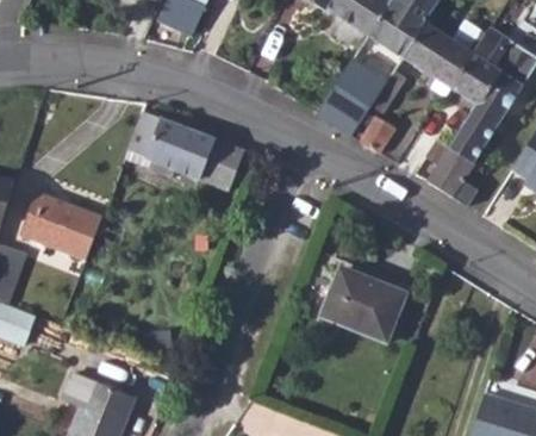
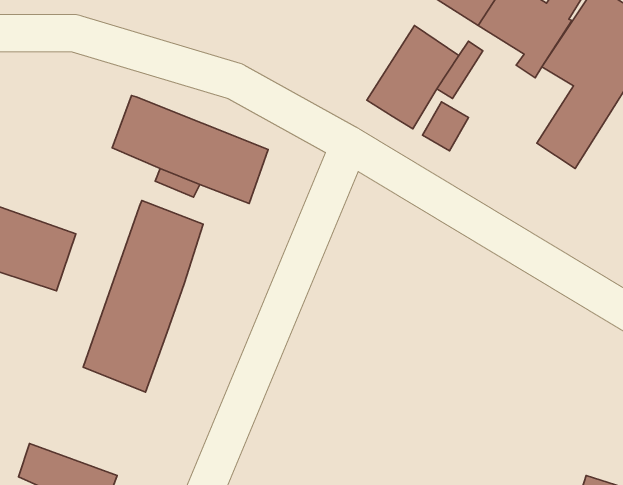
building: [422,137,475,206] -> none
building: none -> [83,201,203,392]
building: [318,263,403,338] -> none

